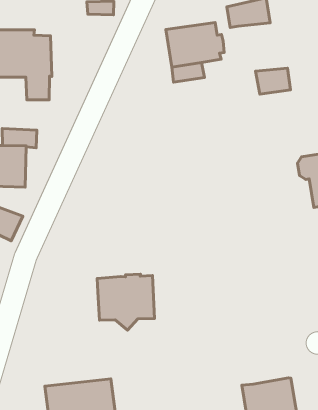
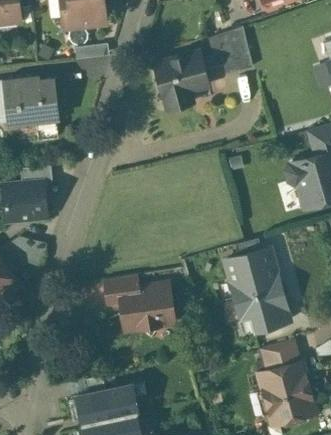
building: [256,68,291,94] -> [219,49,252,75]
building: none -> [219,249,292,336]
building: none -> [103,276,139,307]
building: none -> [261,340,298,372]

